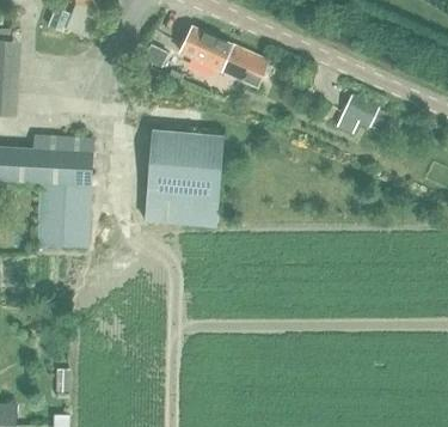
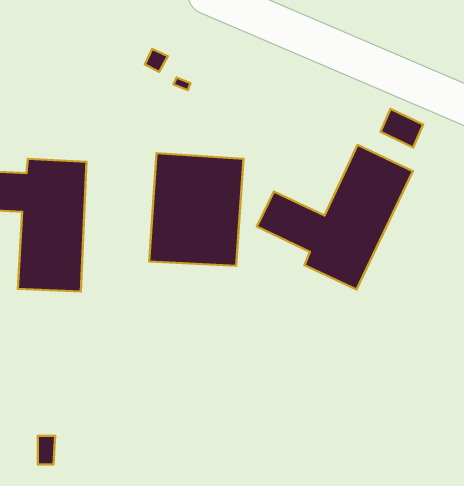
building: [182,26,269,89] -> none
building: none -> [257,145,413,290]

